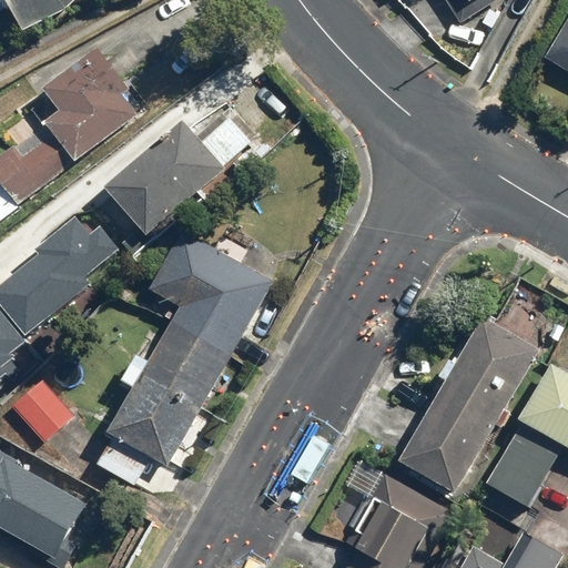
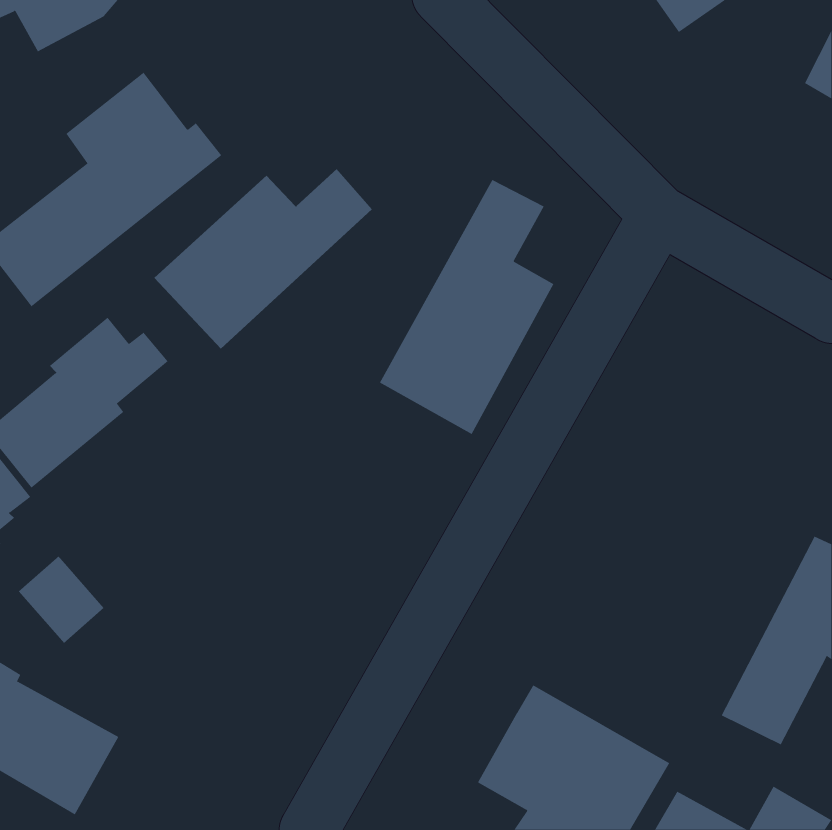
building: none -> [379,179,554,435]
building: [98,227,270,480] -> none
building: [402,320,540,497] -> none

